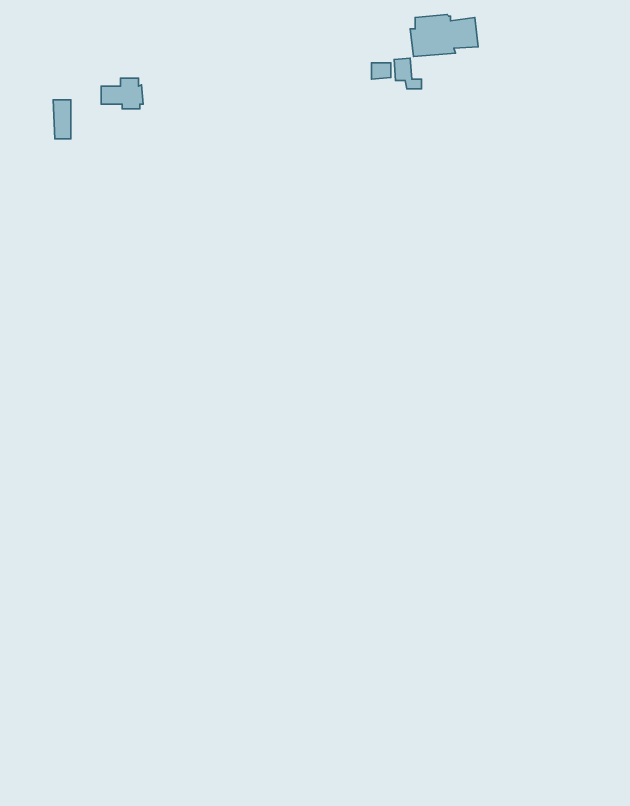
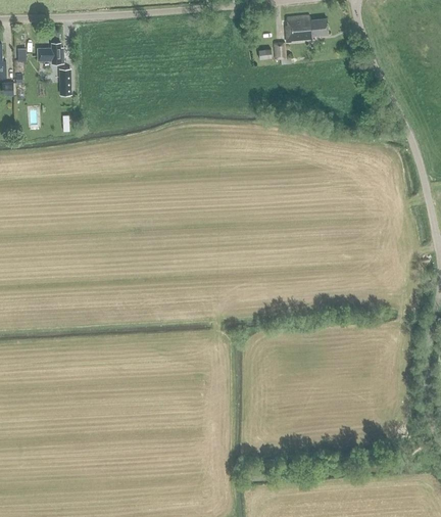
building: [101,78,143,109] -> [39,44,65,63]

